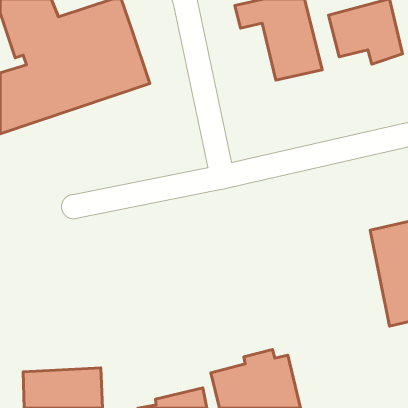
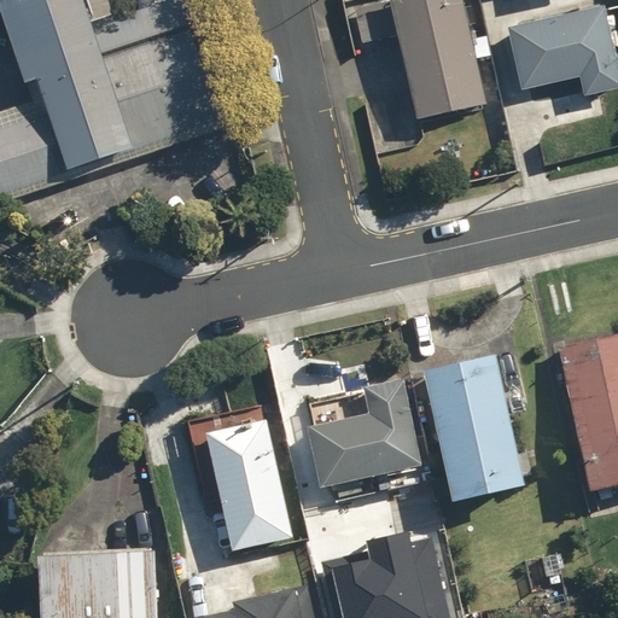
building: none -> [422,357,525,506]
building: none -> [284,378,421,509]
building: none -> [205,420,293,553]

